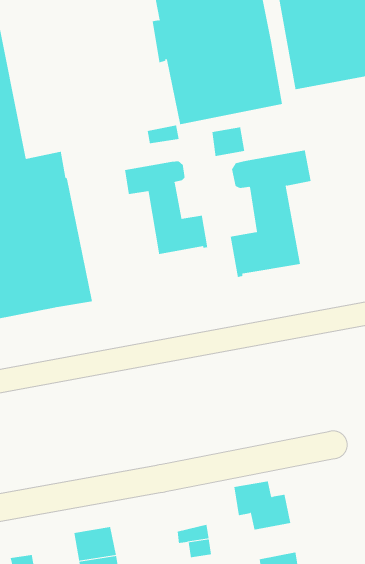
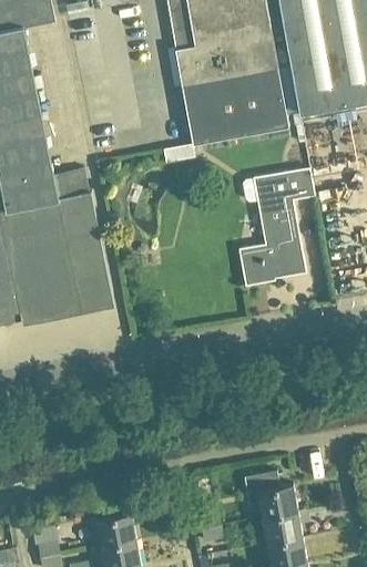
building: [212,126,245,157] -> none
building: [125,160,208,255] -> none
building: none -> [263,511,302,544]

